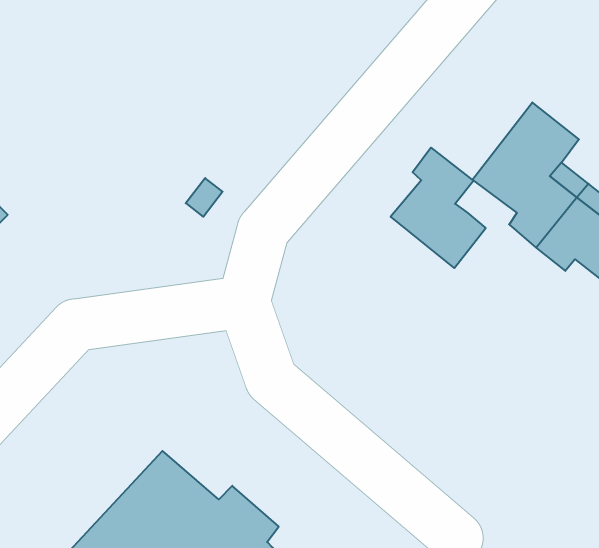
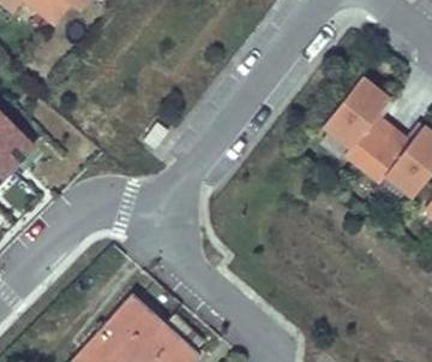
building: [391,148,486,268] -> none

